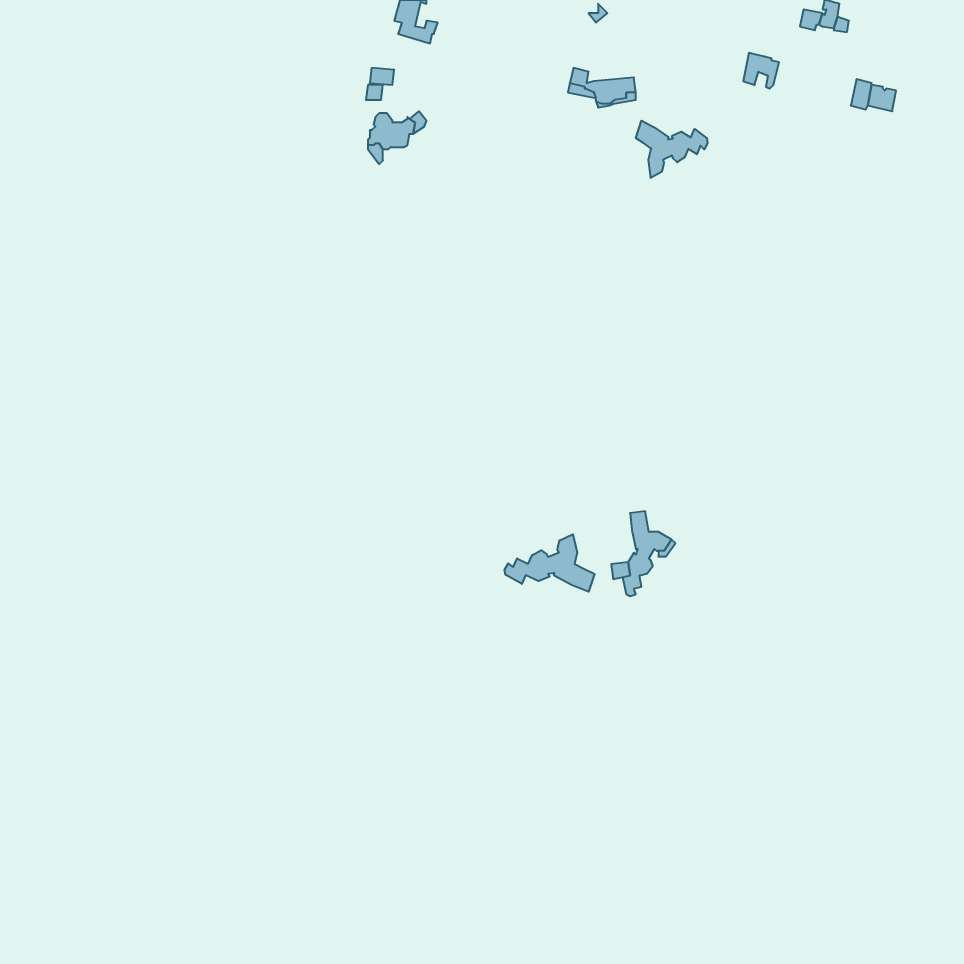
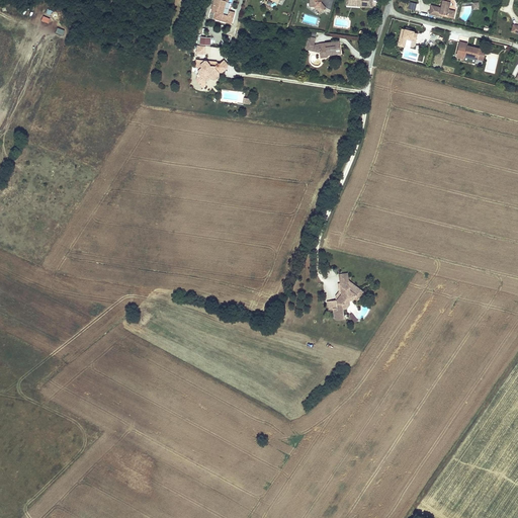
building: [636,121,707,178] -> none
building: [505,534,595,592] -> none

